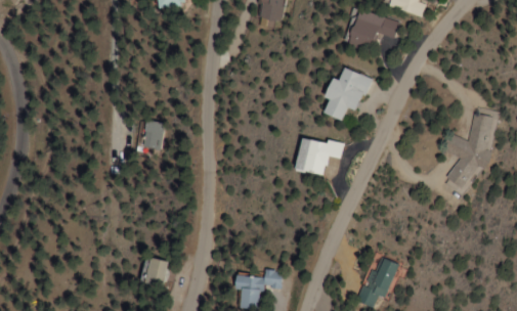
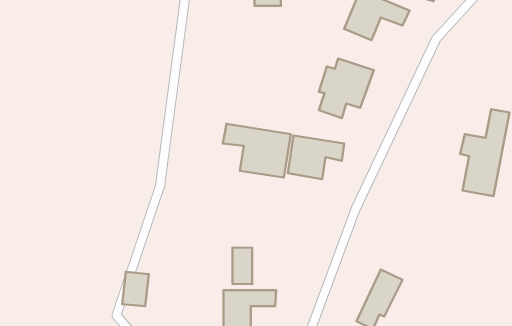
building: [145,121,166,148] -> none
building: none -> [223,124,291,177]
building: none -> [232,248,252,284]

